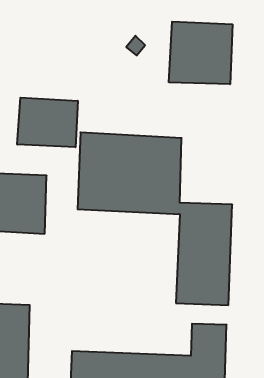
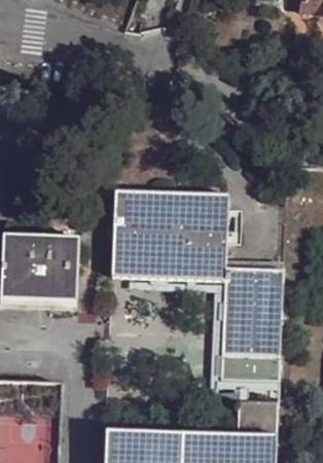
building: [169,22,232,84] -> none
building: [17,98,78,147] -> none

